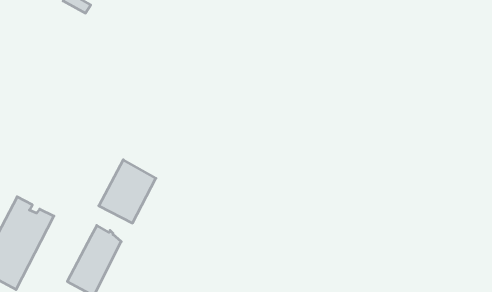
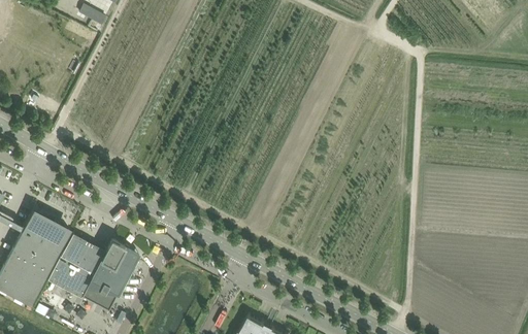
building: [99,160,156,223] -> [48,233,106,297]

